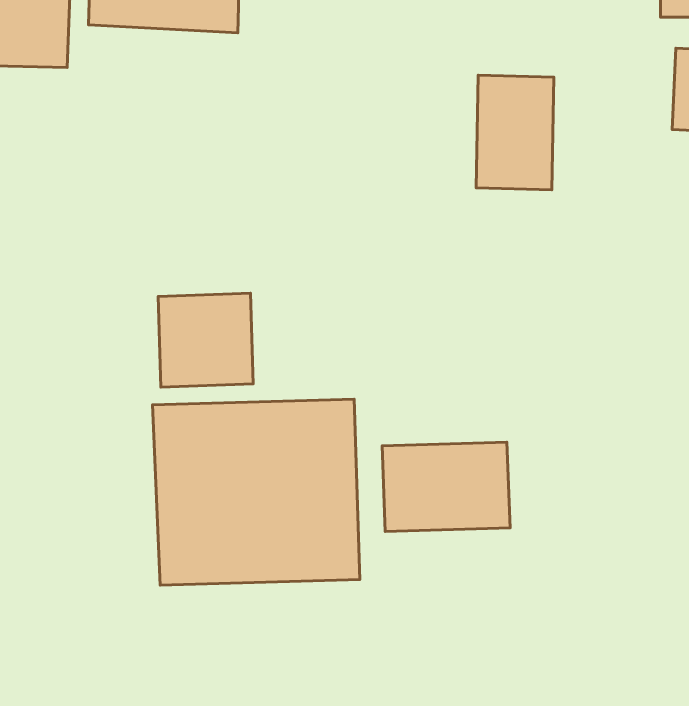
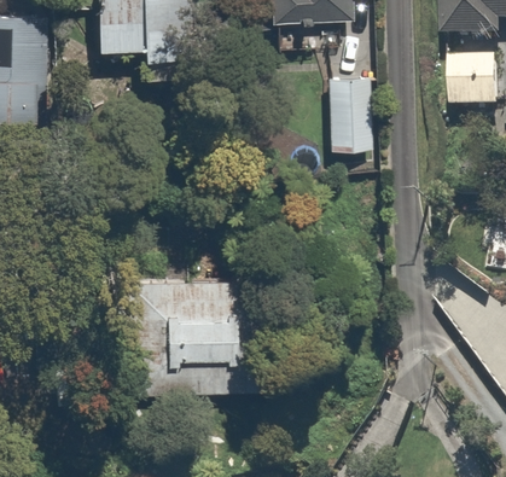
building: [158,293,253,387] -> none
building: [382,442,510,531] -> none

